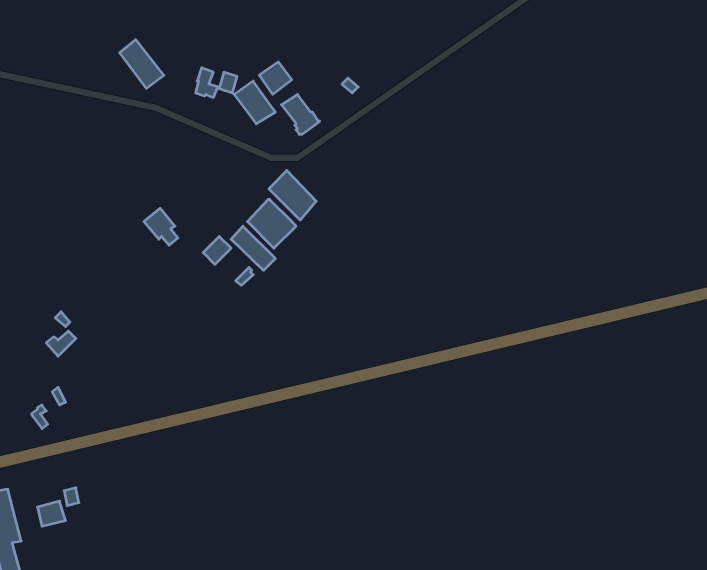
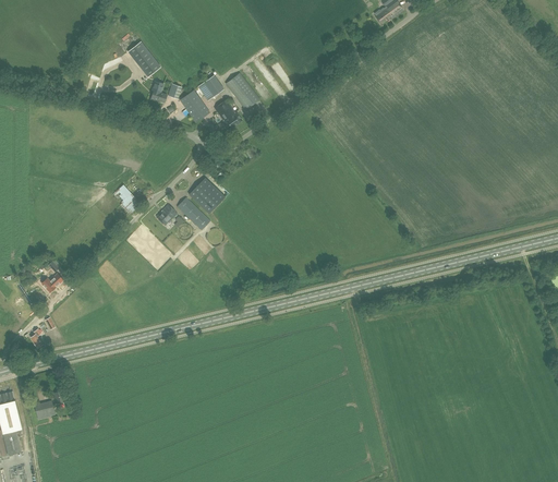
building: [120,40,164,88] -> [128,40,160,76]
building: none -> [225,72,259,109]
building: [269,170,316,220] -> none

